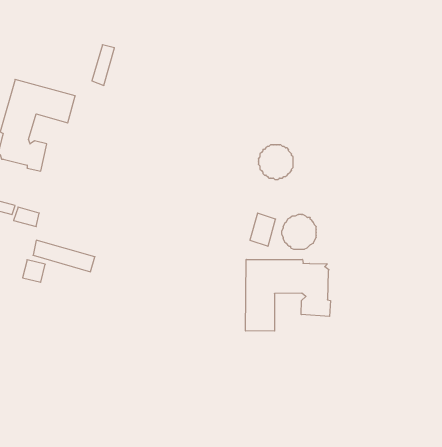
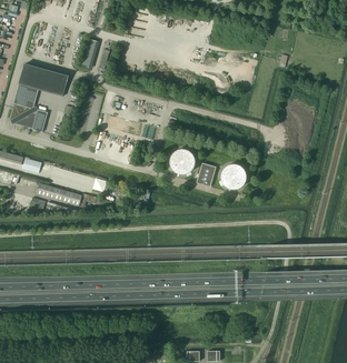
building: [258,145,293,180] -> [169,149,195,174]
building: [246,259,330,331] -> none

